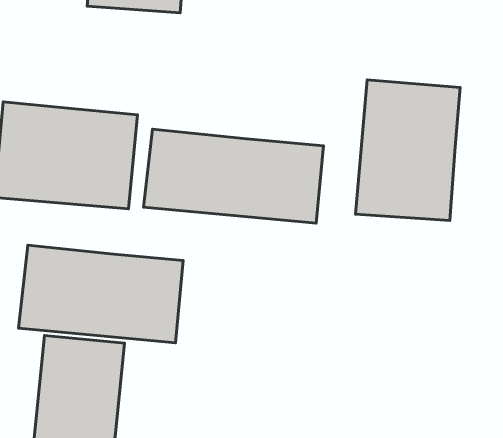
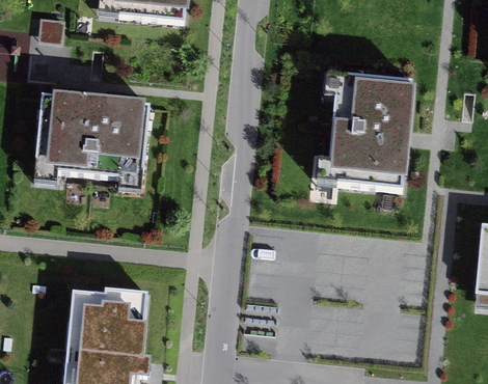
building: [143,129,323,223] -> none
building: [18,245,183,343] -> none

